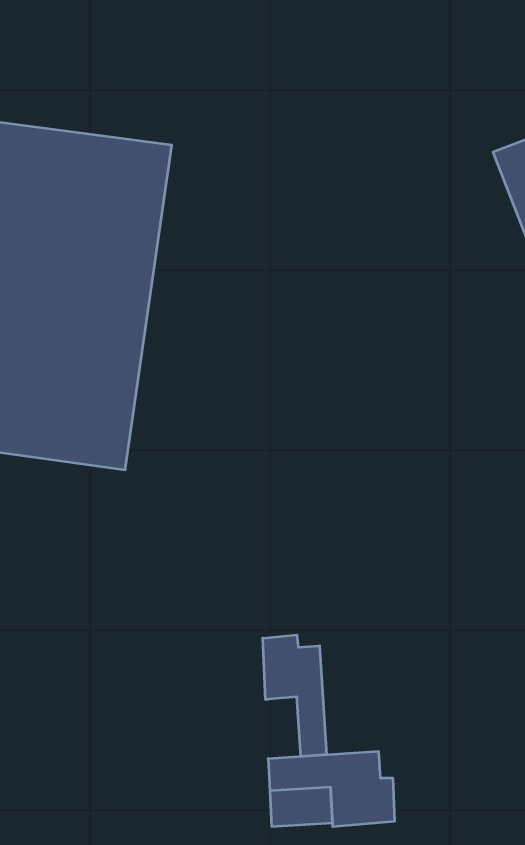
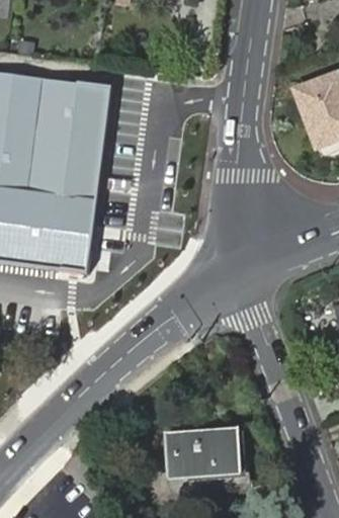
building: [263,635,327,757] -> none

